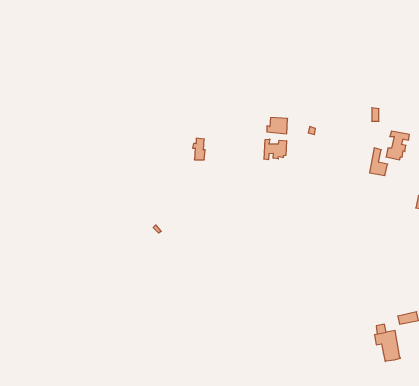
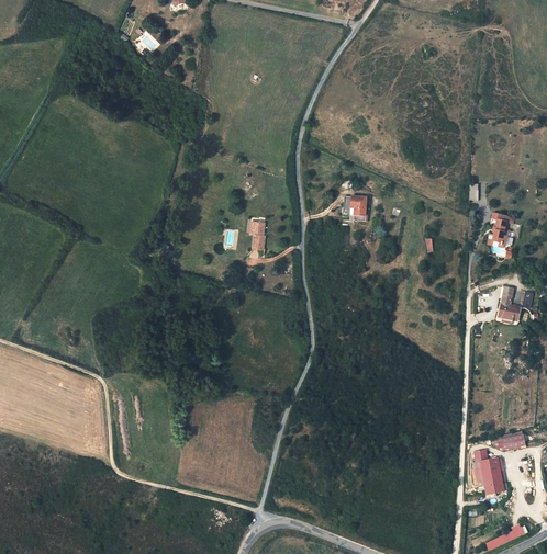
building: [264,139,287,160] -> none
building: [370,148,388,176] -> [499,286,521,320]

